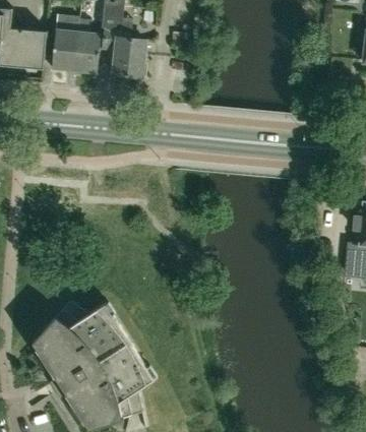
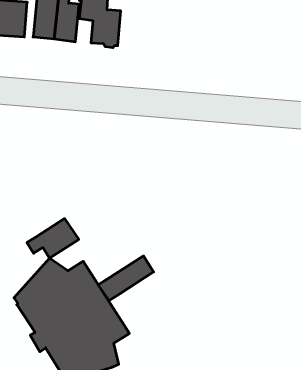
building: none -> [27,219,79,258]
building: none -> [98,256,154,300]

